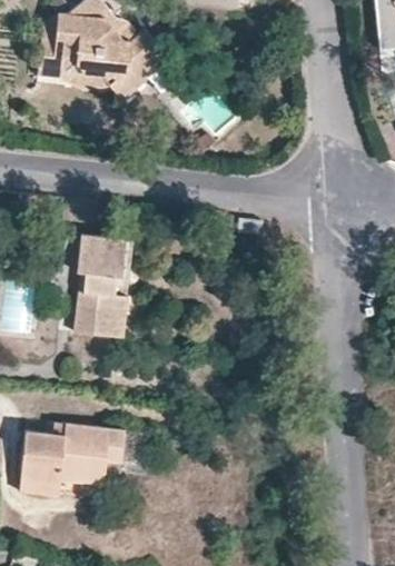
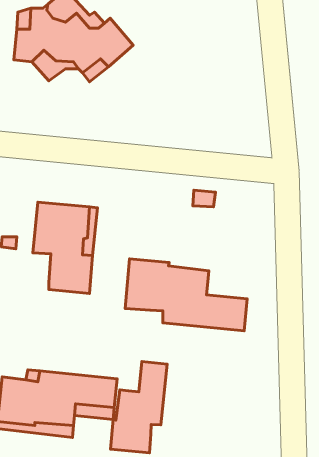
building: none -> [125,259,247,331]
building: none -> [110,362,167,453]

